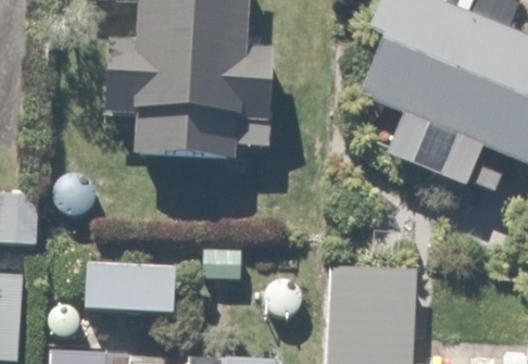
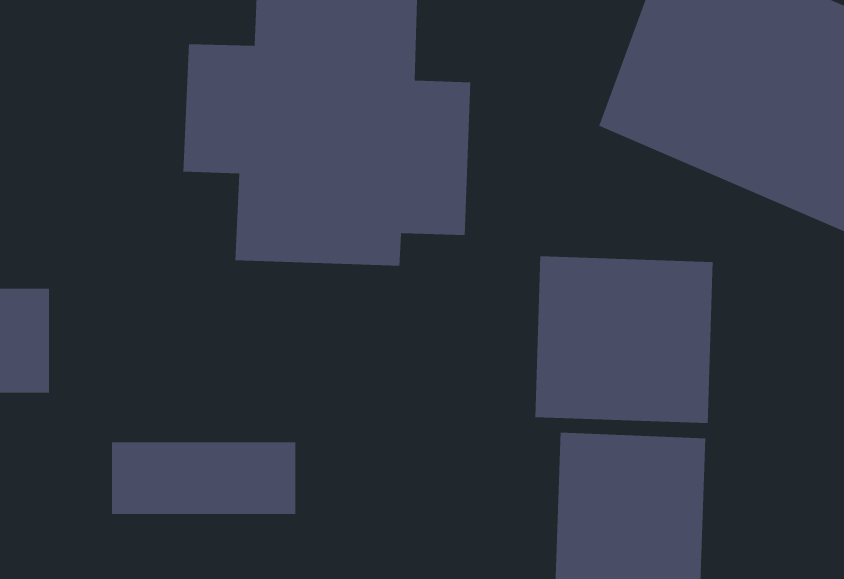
building: none -> [535,256,713,424]

